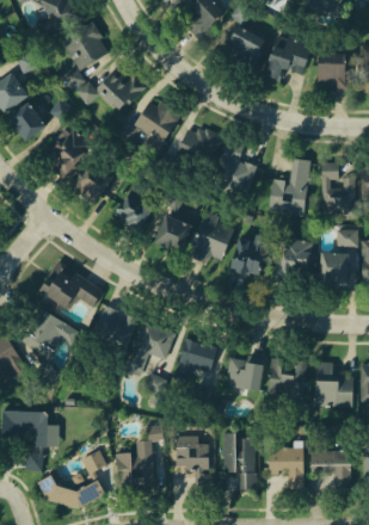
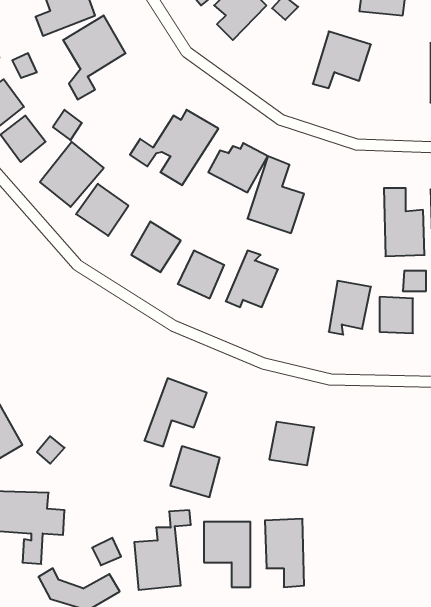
building: [223,26,267,67] -> none
building: [315,52,351,91] -> none
building: [79,64,140,109] -> none
building: [270,158,310,216] -> none
building: [233,230,271,276] -> none
building: [33,254,106,313] -> none
building: [17,305,76,360] -> none
building: [92,307,139,351] -> none
building: [179,334,220,376] -> [170,446,220,497]
building: [267,358,308,399] -> none
building: [316,362,353,407] -> none
building: [269,447,303,489] -> none
building: [312,451,353,489] -> none

